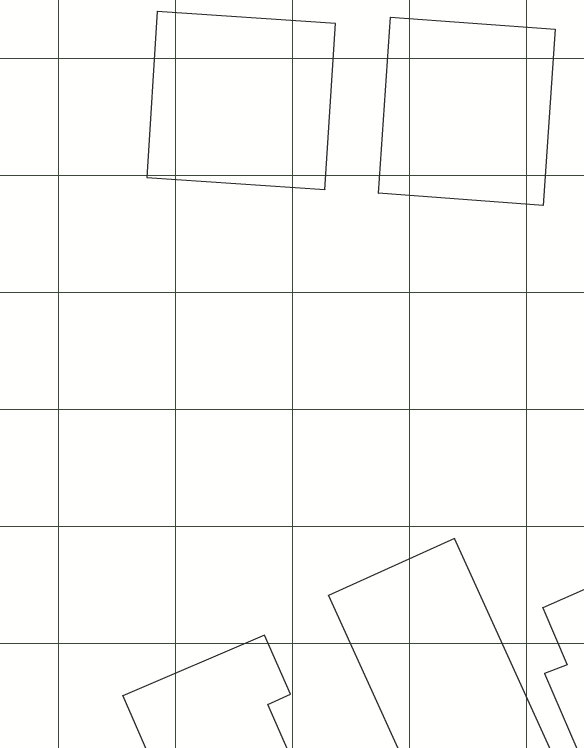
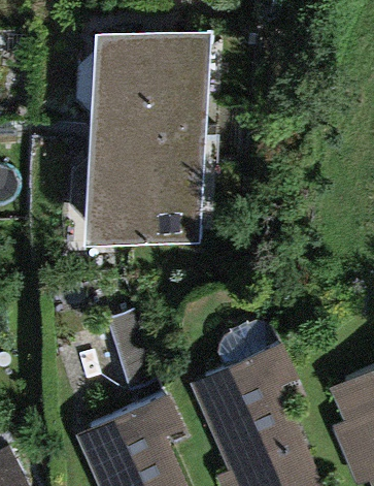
building: [379,17,555,205] -> none
building: none -> [88,131,200,237]

